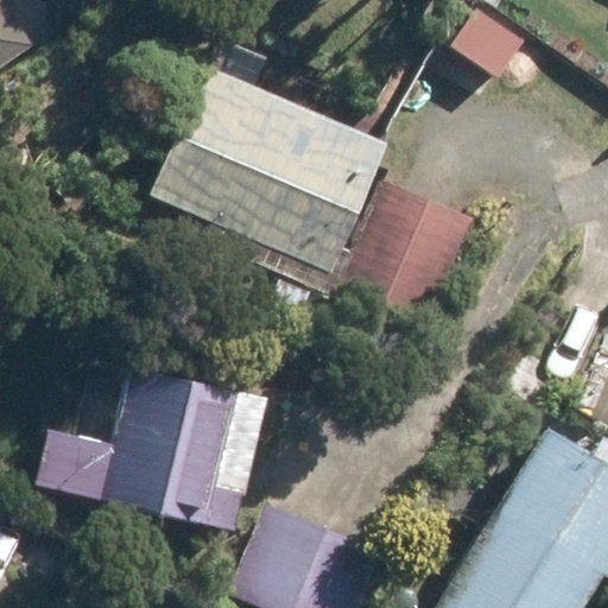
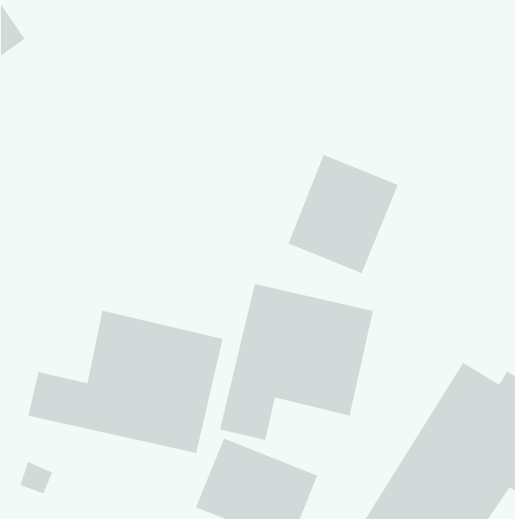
building: [151,68,384,271] -> none
building: none -> [219,283,374,441]

